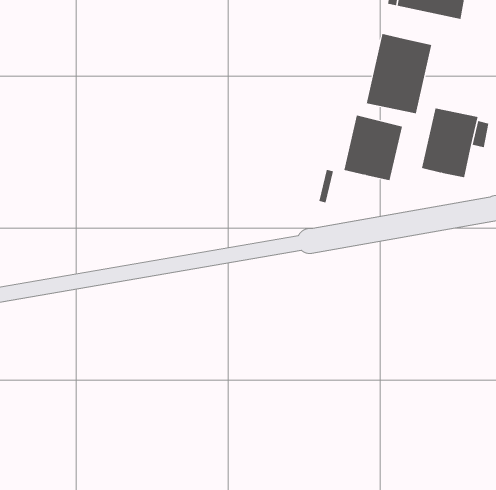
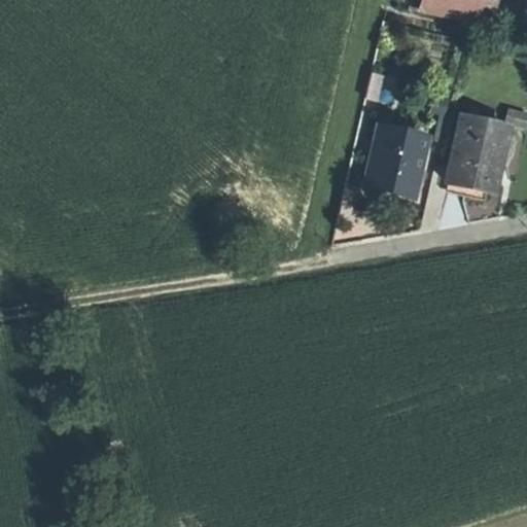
building: [366,33,432,114] -> none

